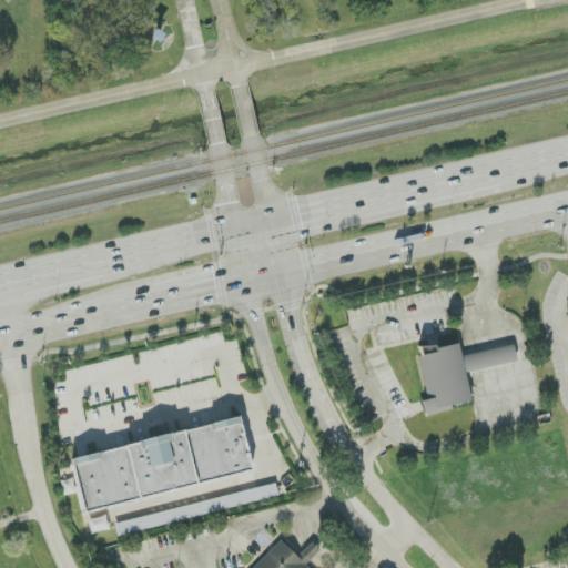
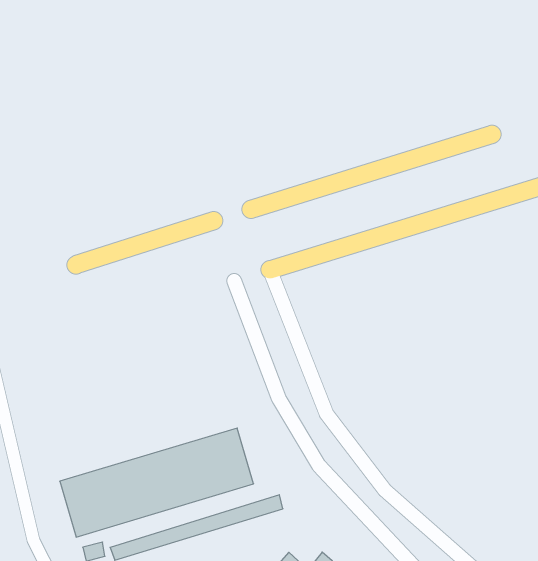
building: [417,341,518,414] -> none

